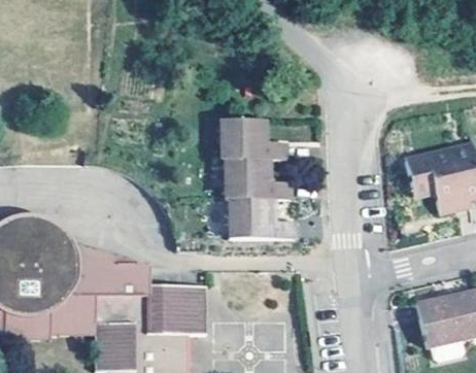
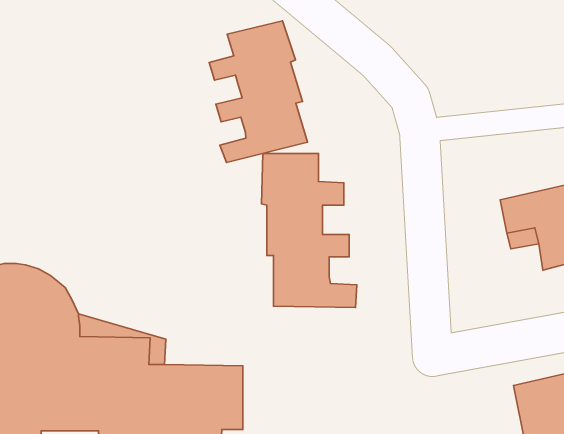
building: none -> [209,21,308,163]

